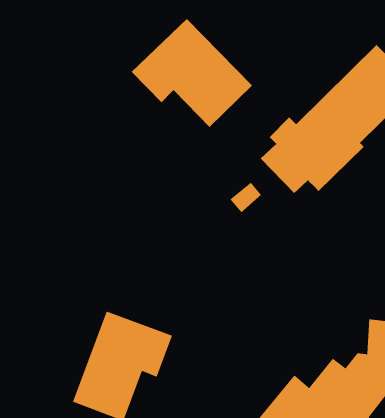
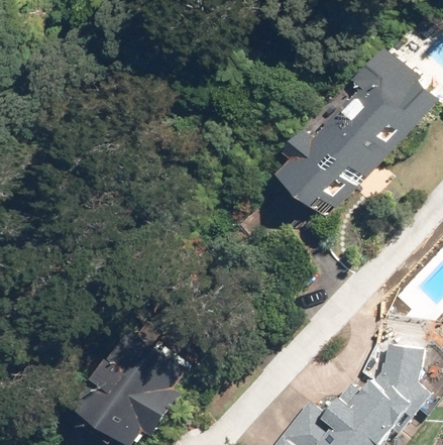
building: [131,18,253,128] -> none

